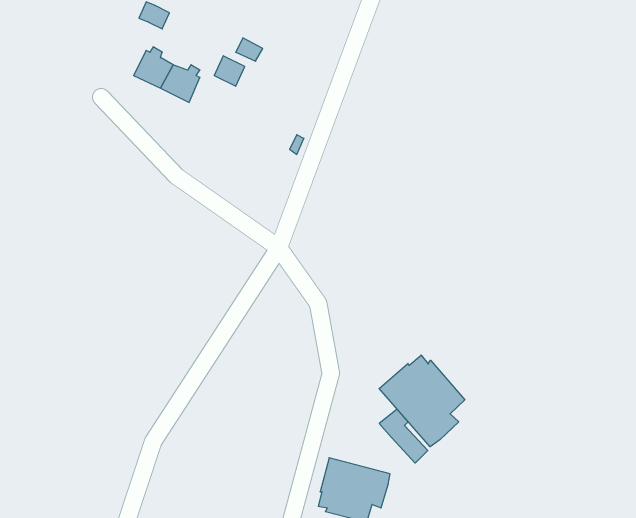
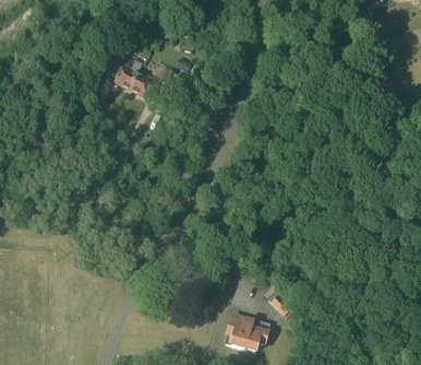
building: [379,355,465,447] -> none

